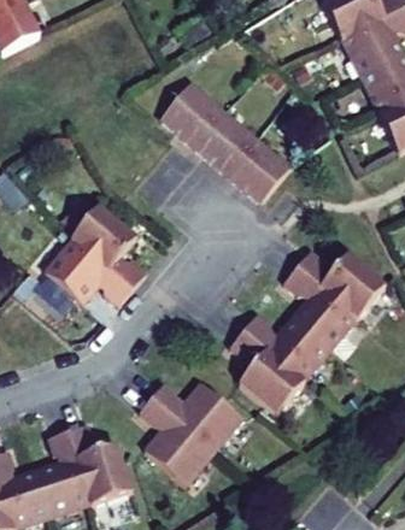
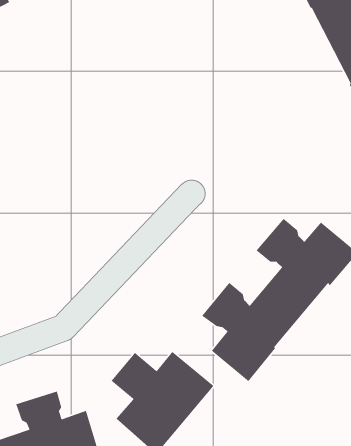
building: [162,80,292,196] -> none
building: [45,206,145,305] -> none

